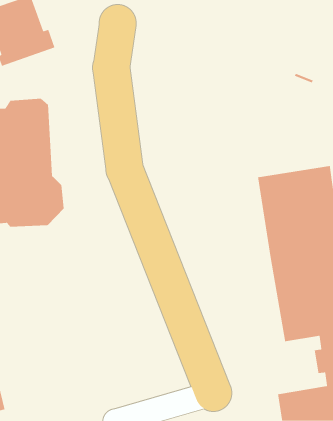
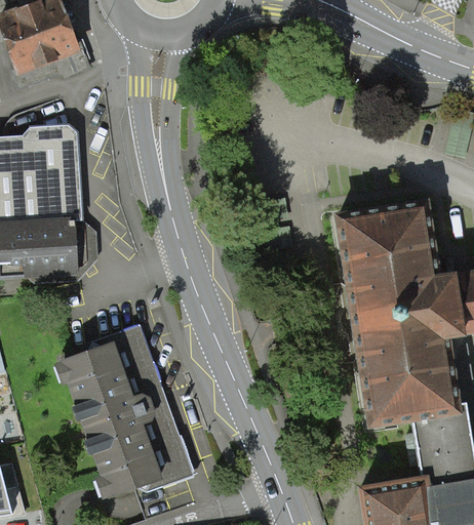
building: none -> [57,329,193,504]

